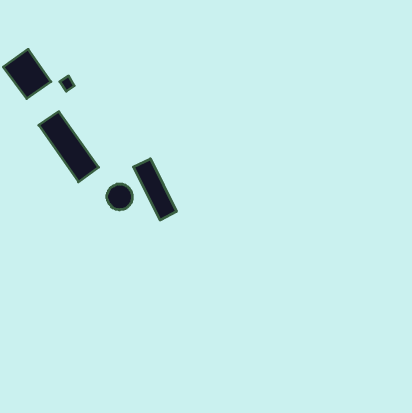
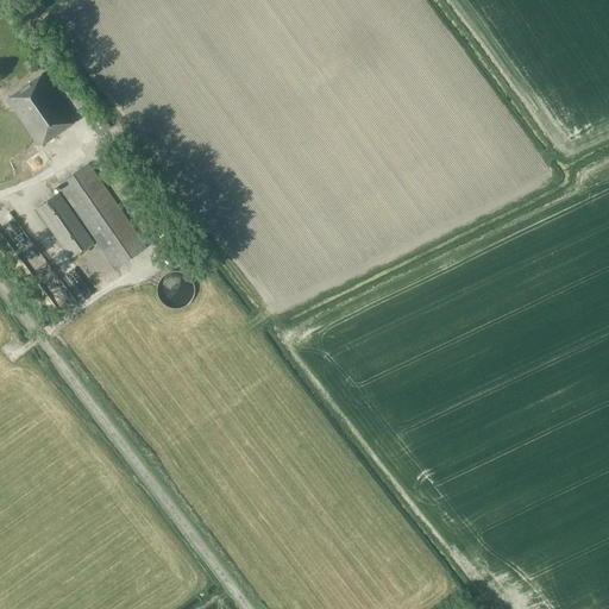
building: none -> [37,192,95,258]
building: [133,159,176,220] -> none

